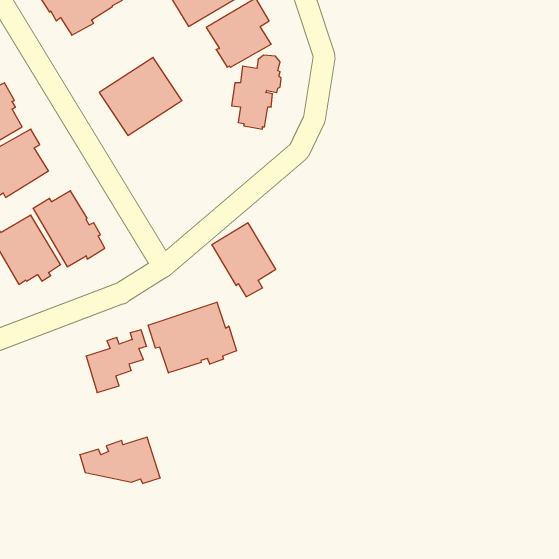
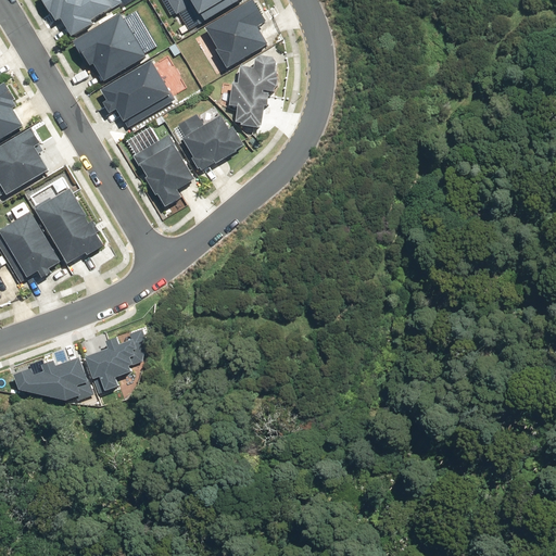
building: none -> [72,10,149,85]
building: none -> [176,112,243,169]
building: [212,223,276,297] -> [130,132,193,205]
building: [148,302,236,373] -> none
building: [80,437,160,483] -> [13,350,92,395]

